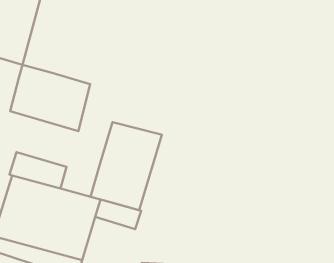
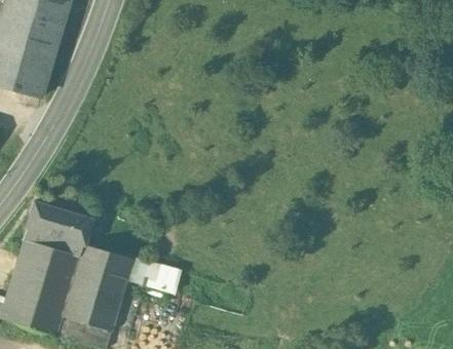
building: [10,65,90,131] -> none
building: [90,122,162,210] -> none

